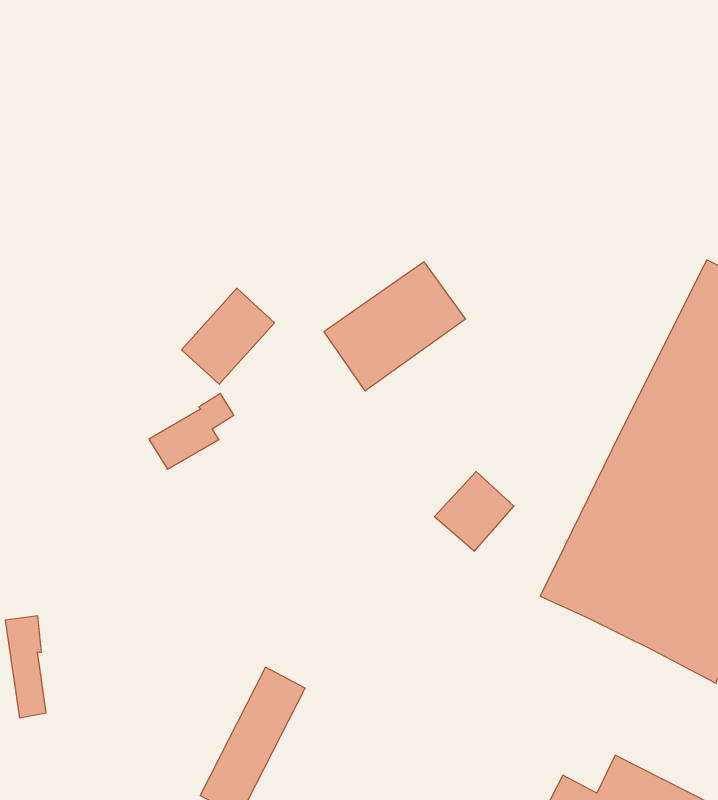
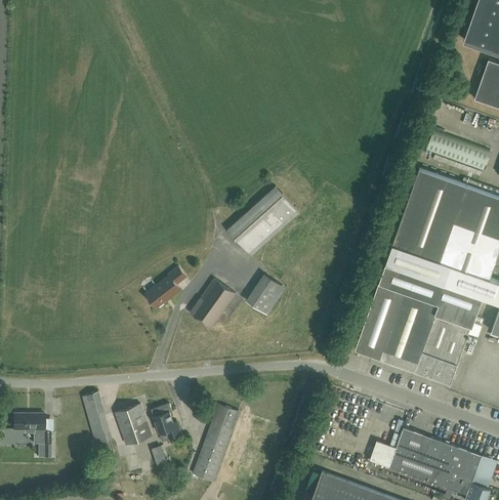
building: [181,288,275,384] -> [190,280,236,330]
building: [435,471,514,551] -> [245,276,285,317]
building: none -> [115,406,151,446]
building: none -> [151,405,180,443]

